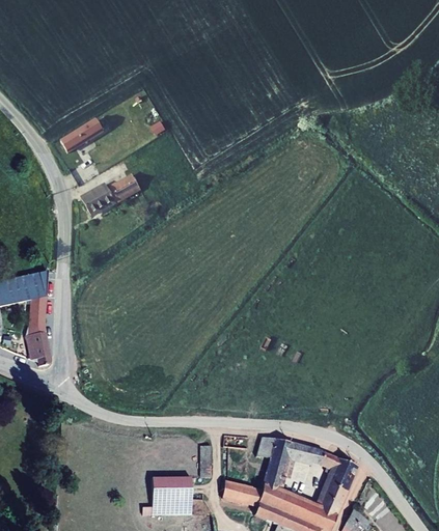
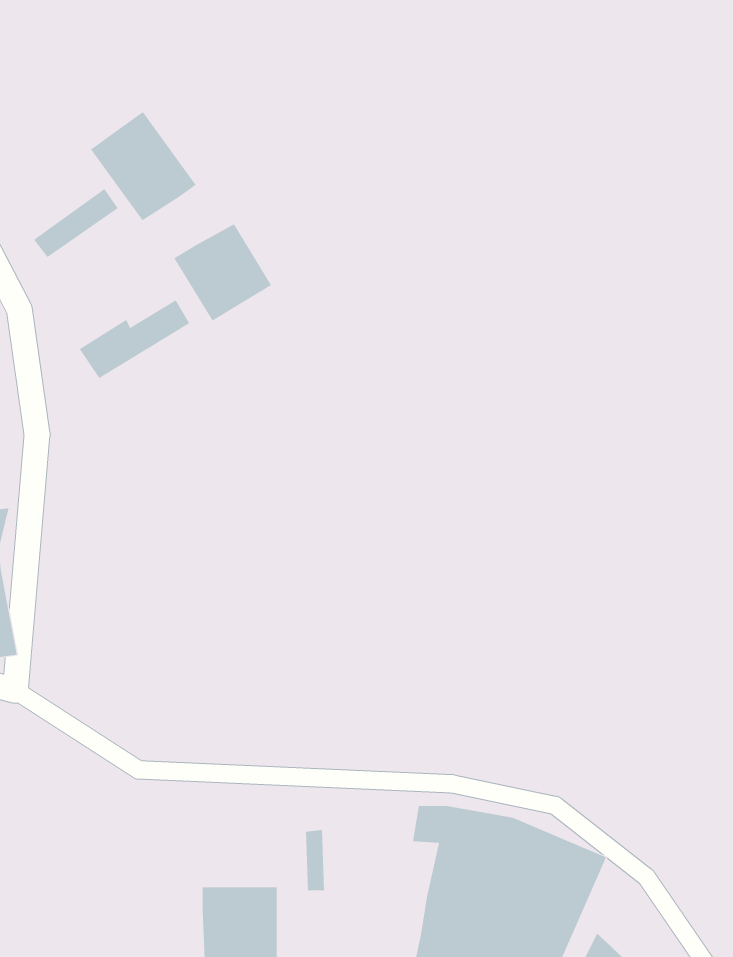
building: none -> [90,111,196,221]
building: none -> [174,223,272,322]
building: [225,484,265,505] -> none

